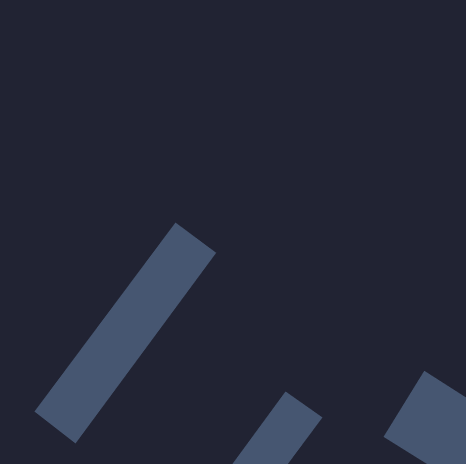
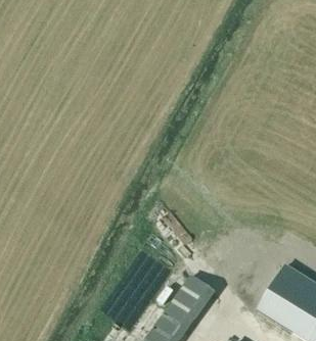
building: [33,222,217,445] -> none

